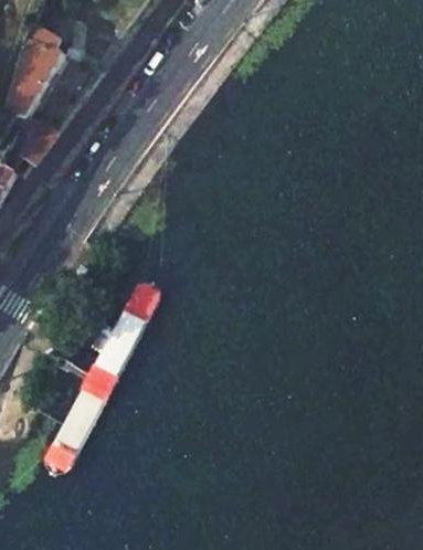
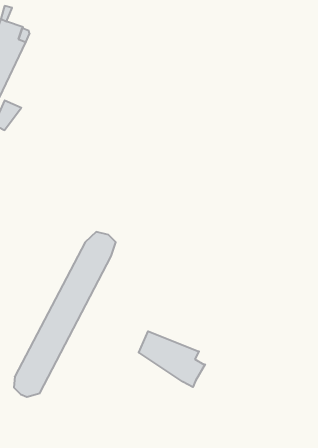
building: none -> [139,331,205,387]

